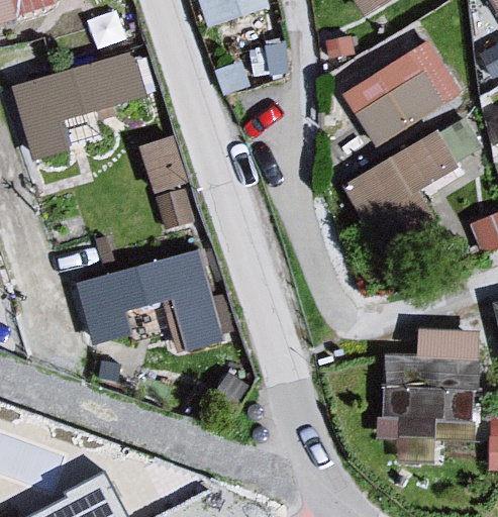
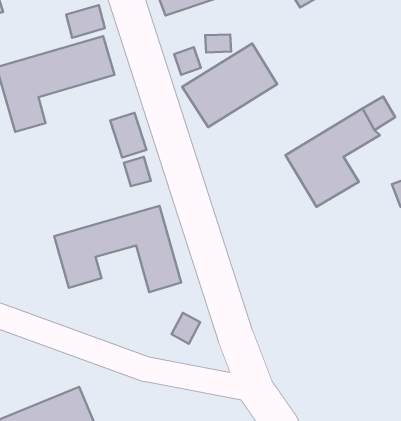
building: [347,46,459,144] -> [182,44,277,127]
building: [378,321,472,430] -> none

